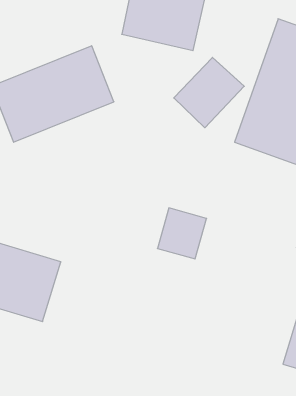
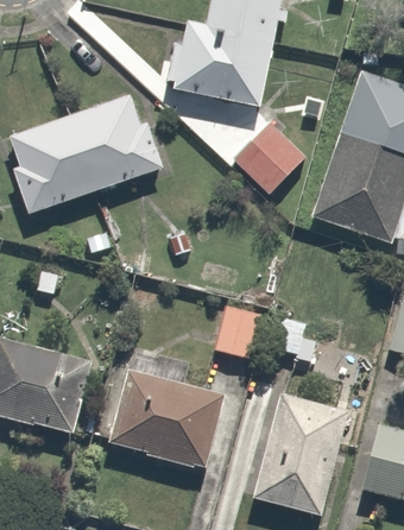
building: none -> [105,368,222,473]
building: none -> [252,392,349,516]

